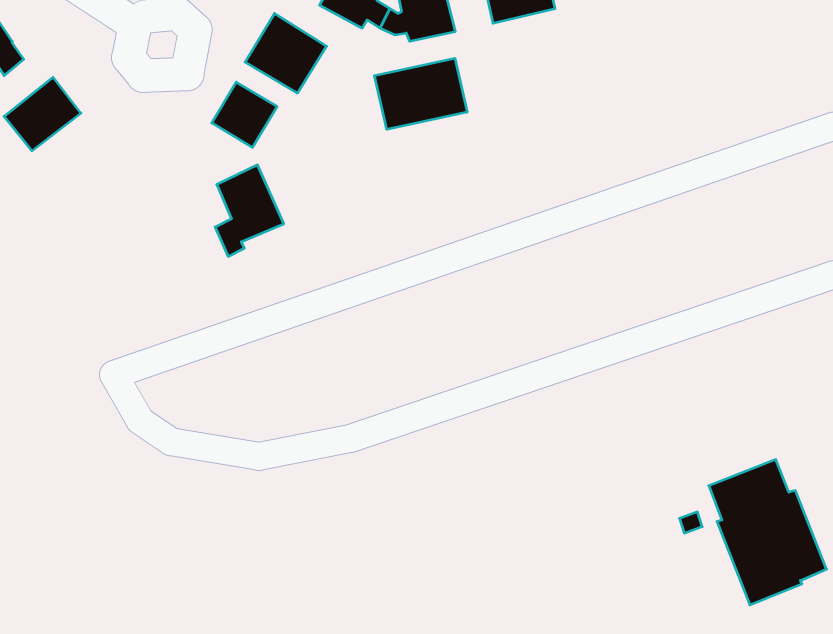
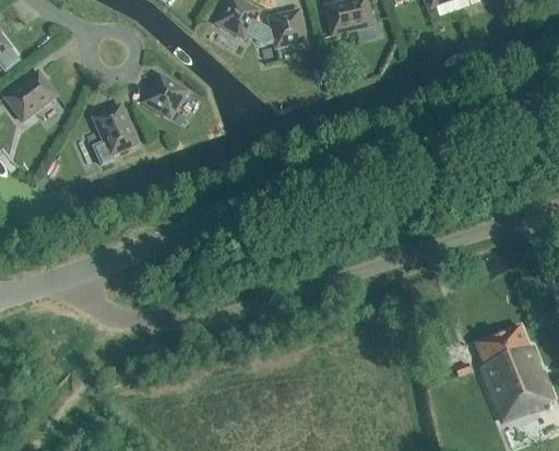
building: [245,13,327,93] -> none
building: [374,58,467,129] -> none
building: [215,165,284,256] -> [92,104,138,165]

